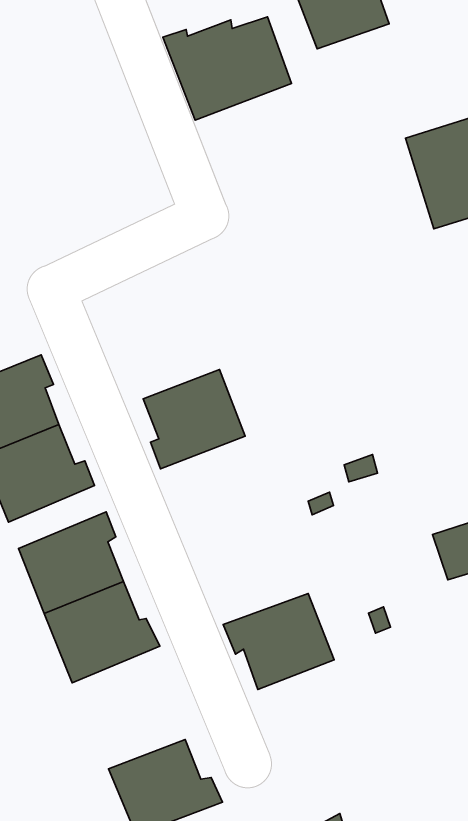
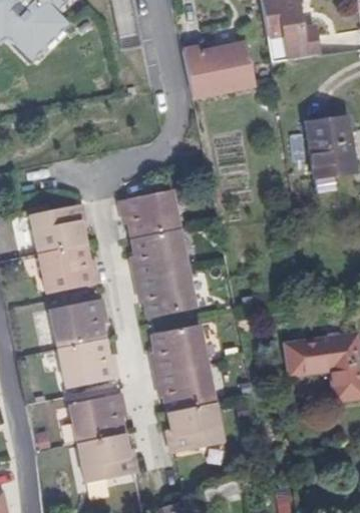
building: none -> [120,189,179,239]
building: none -> [136,271,196,320]
building: none -> [152,326,208,375]
building: none -> [169,406,225,458]
building: none -> [68,396,124,445]

